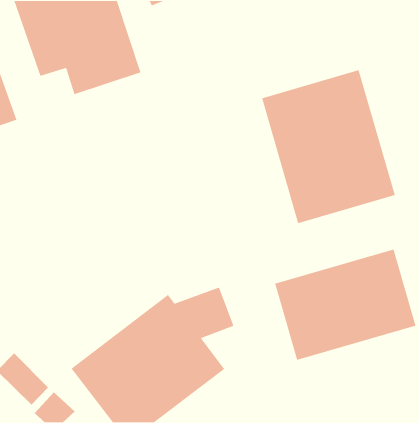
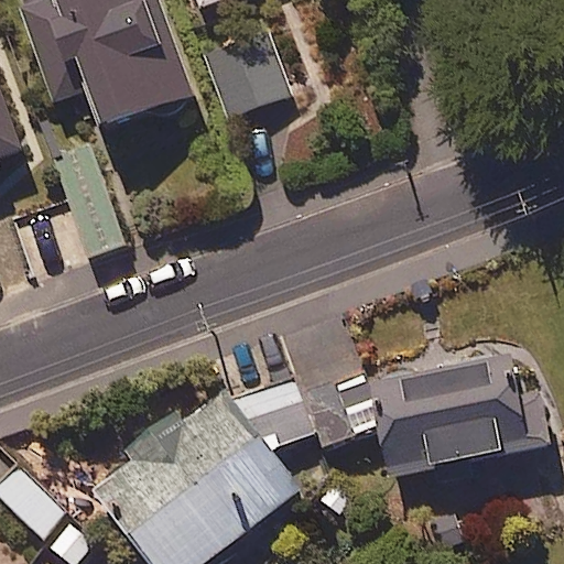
building: none -> [204,28,289,118]
building: [261,69,396,224] -> none

